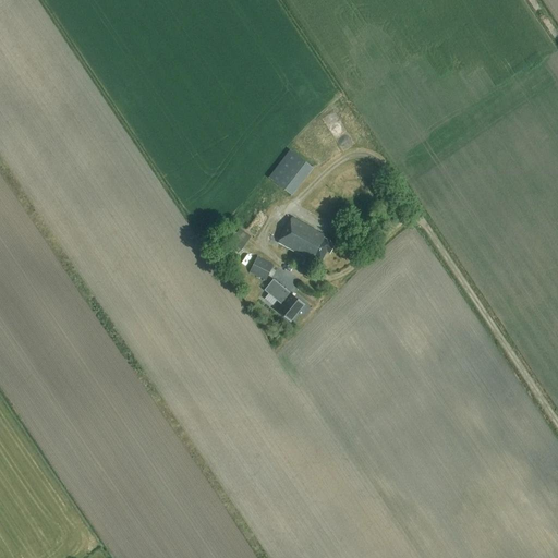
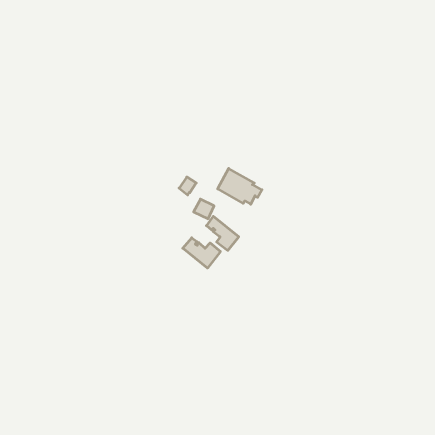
building: [268,148,313,193] -> none
building: none -> [183,238,220,268]

